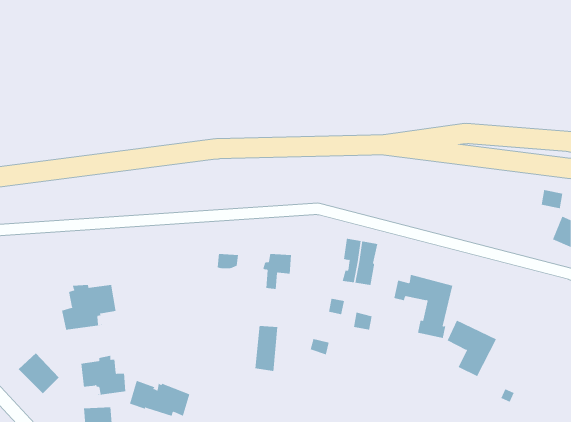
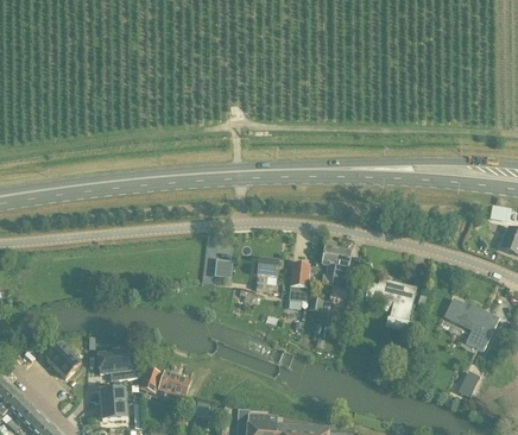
building: [62,284,116,331] -> none
building: [447,320,497,377] -> [456,301,499,349]
building: [255,325,278,371] -> [289,263,309,302]

